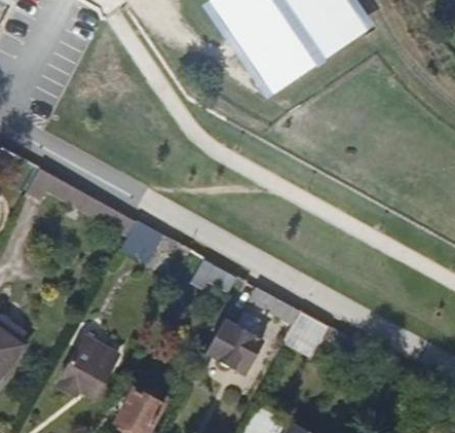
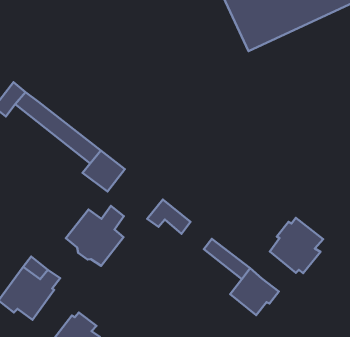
building: none -> [270,218,323,273]
building: [207,312,264,372] -> [66,206,124,266]

